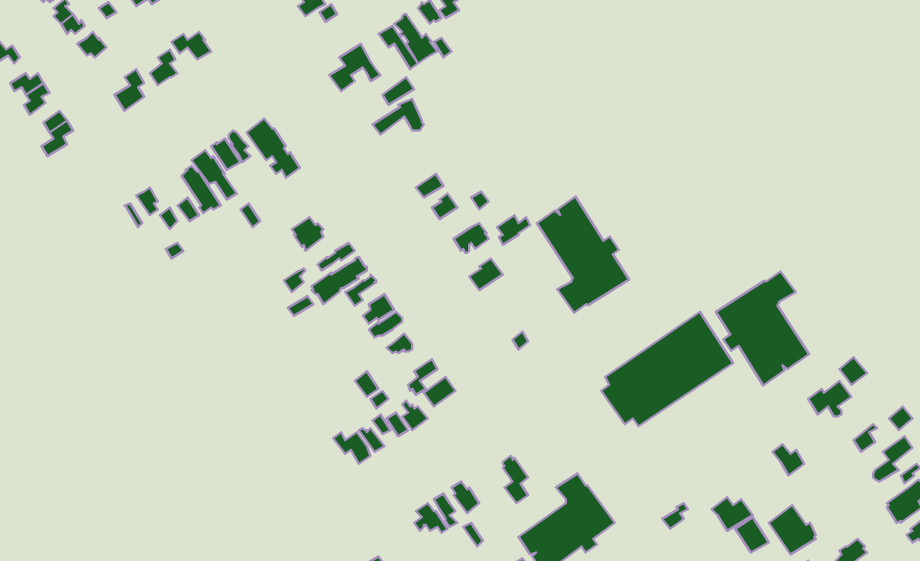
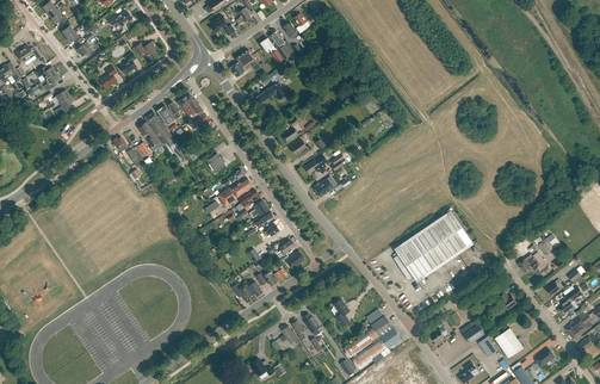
building: [537,197,629,313] -> none
building: [716,272,809,385] -> none

